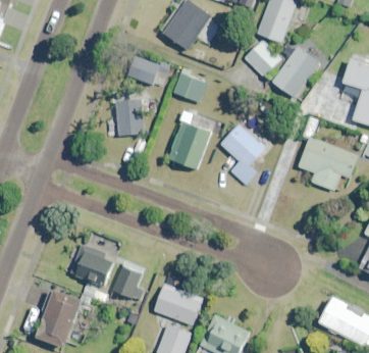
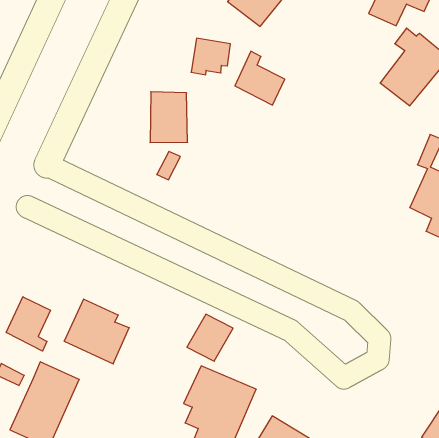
building: [245,41,280,75] -> none
building: [167,111,210,169] -> none
building: [220,117,269,185] -> none
building: none -> [6,297,50,351]
building: [111,266,142,298] -> [187,314,233,361]

